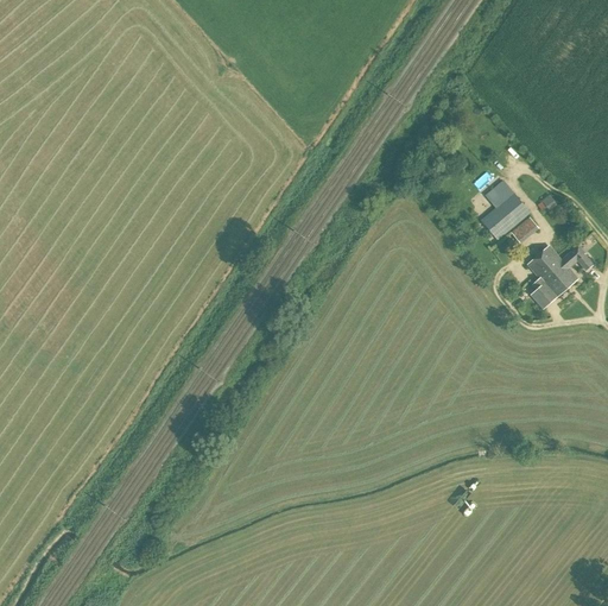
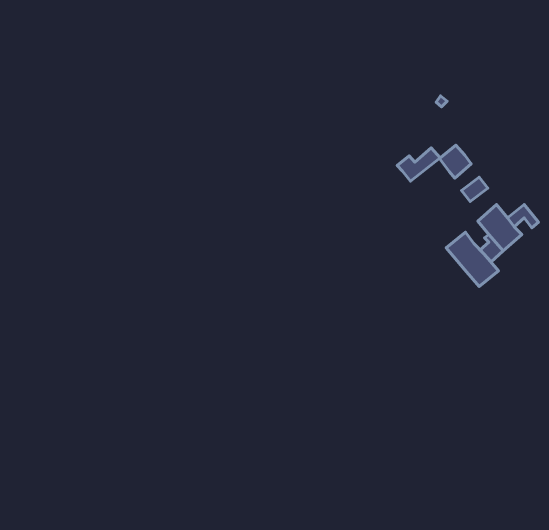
building: [483,202,530,238] -> [397,148,440,181]
building: none -> [446,232,498,286]

